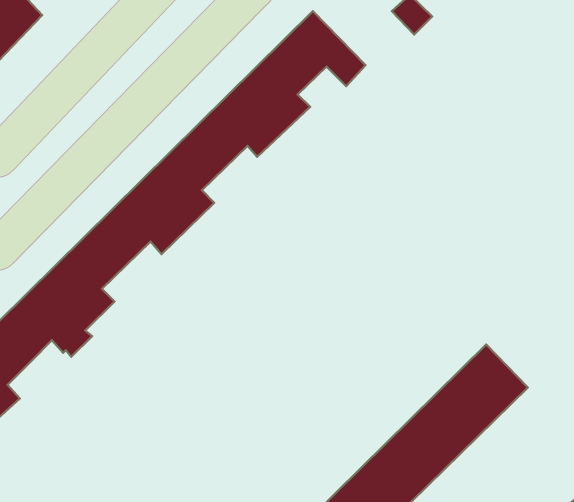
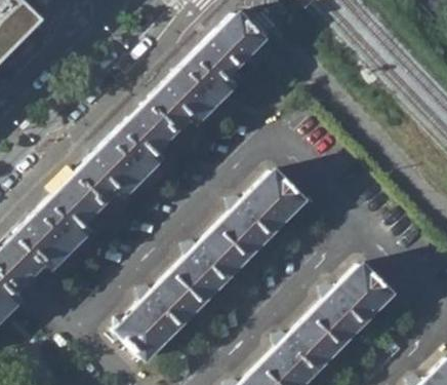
building: none -> [117,172,304,358]

